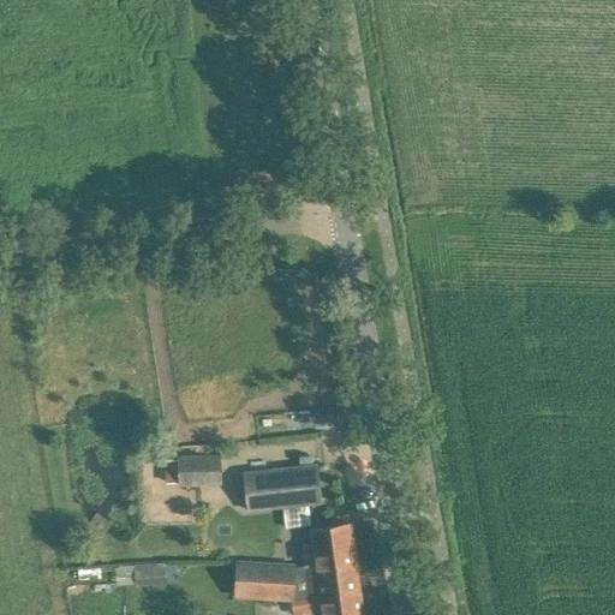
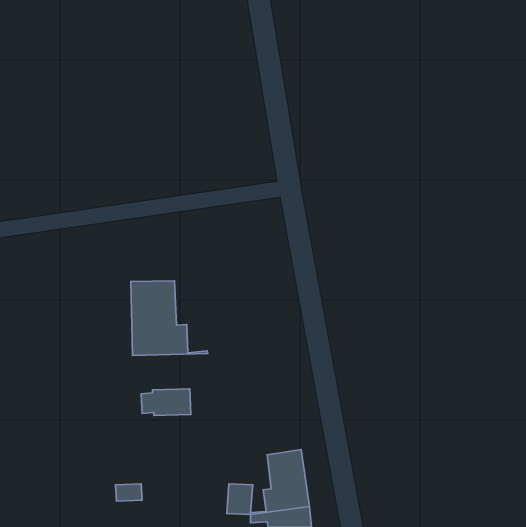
building: none -> [131,281,208,356]
building: [239,466,318,526] -> none
building: [237,561,268,598] -> none

